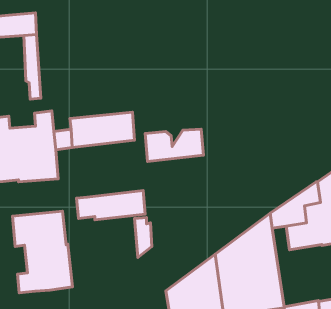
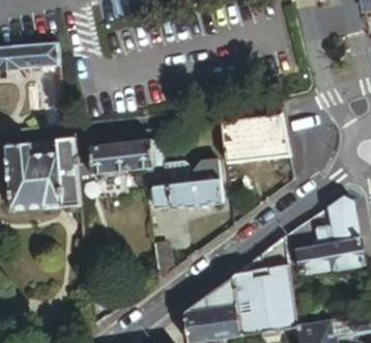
building: none -> [220,114,289,163]
building: [76,191,145,220] -> [154,181,221,209]
building: [12,211,73,293] -> none

